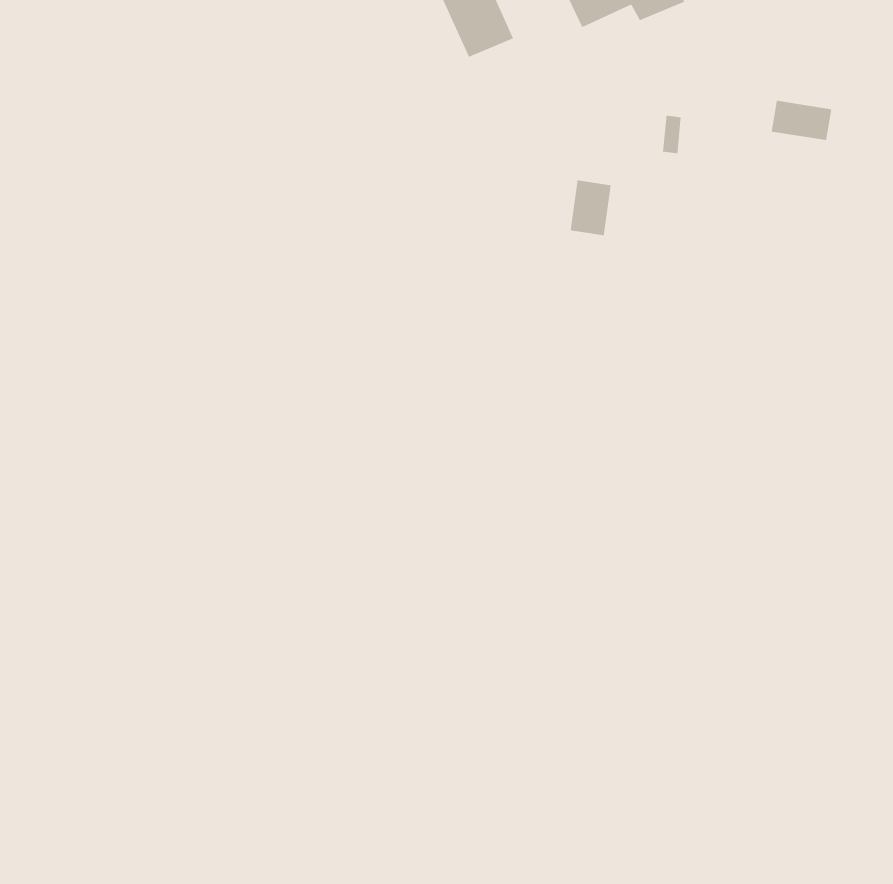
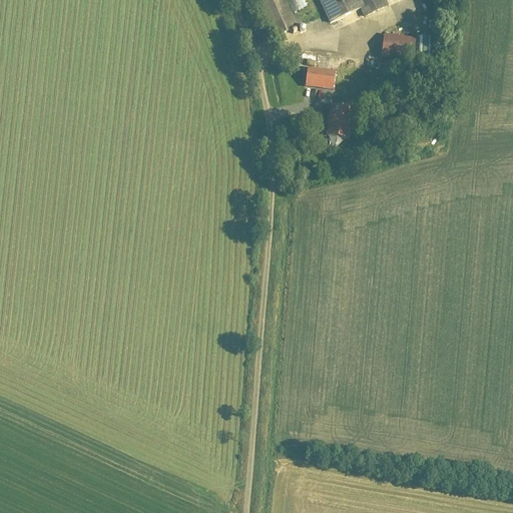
building: [771,100,832,141] -> [384,34,419,57]
building: none -> [306,66,335,86]

